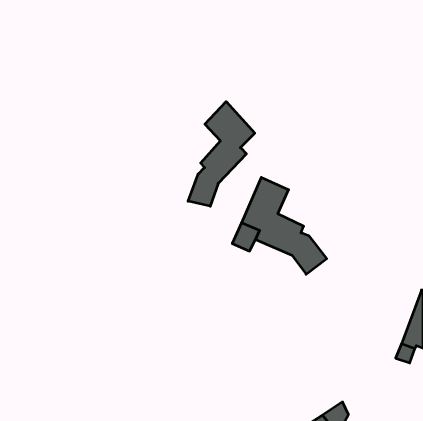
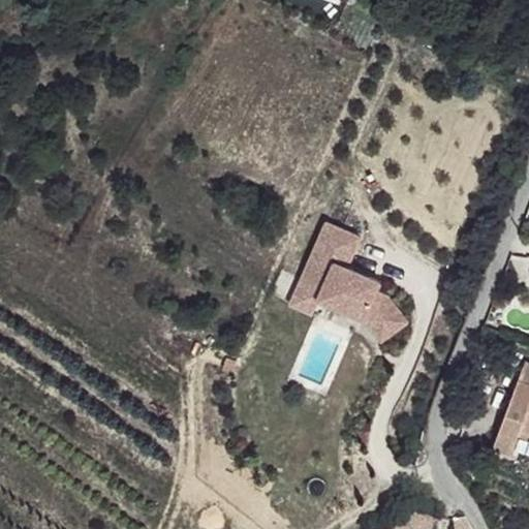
building: [188,102,255,206] -> none

